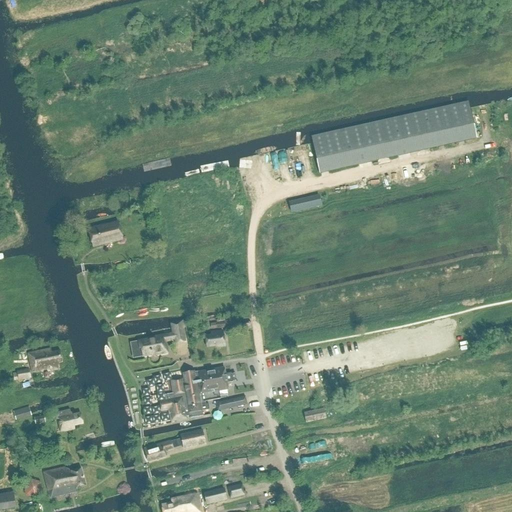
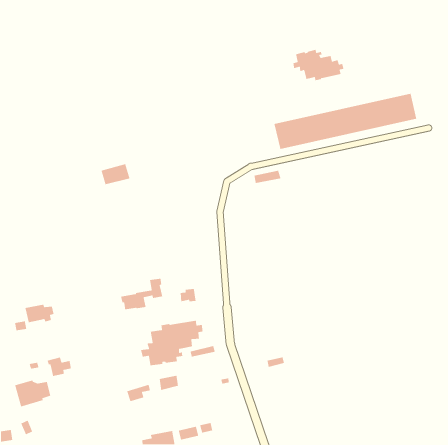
building: none -> [292,49,345,81]
building: [88,219,122,244] -> [101,163,130,185]
building: [43,464,85,496] -> [14,379,51,407]

